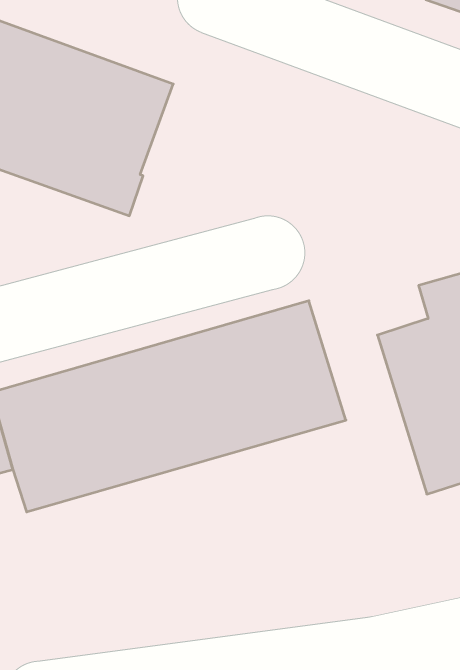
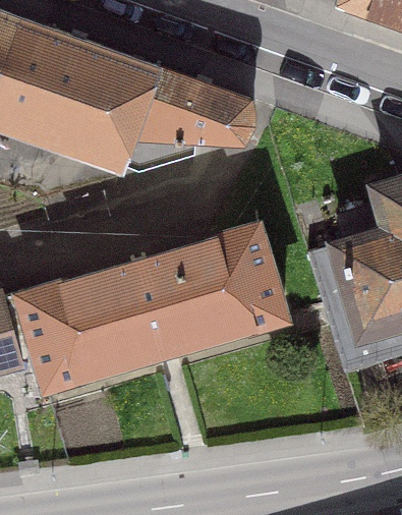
building: none -> [122,67,250,171]

